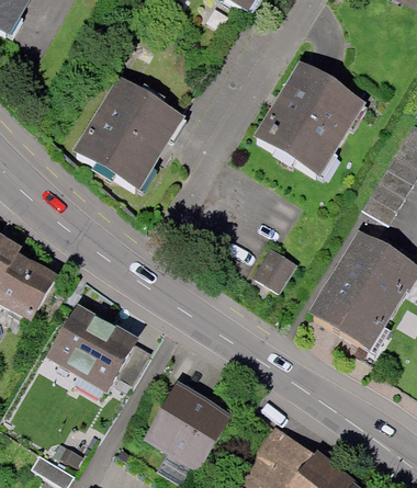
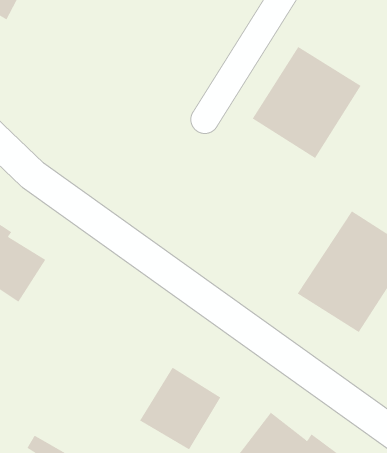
building: [71,73,183,189] -> none
building: [255,246,296,288] -> none
building: [46,305,137,393] -> none

